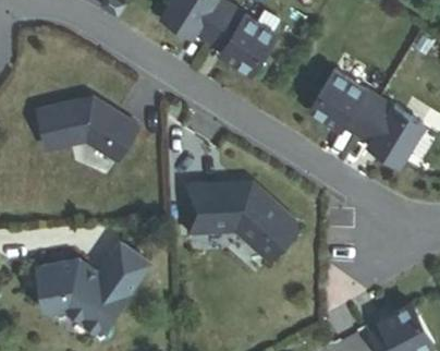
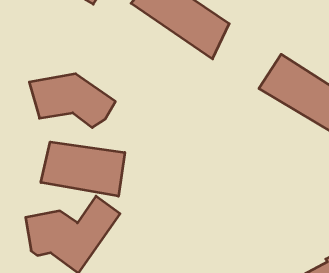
building: none -> [41,142,125,196]
building: [190,182,302,259] -> none

